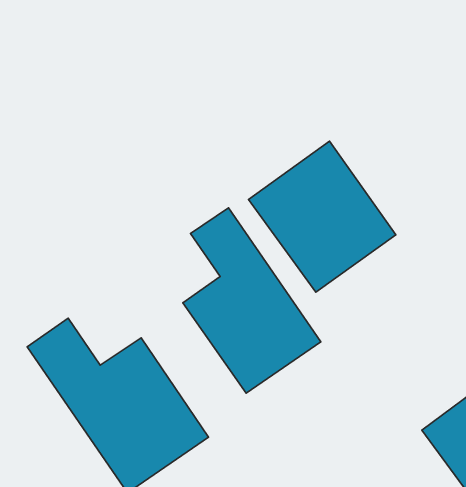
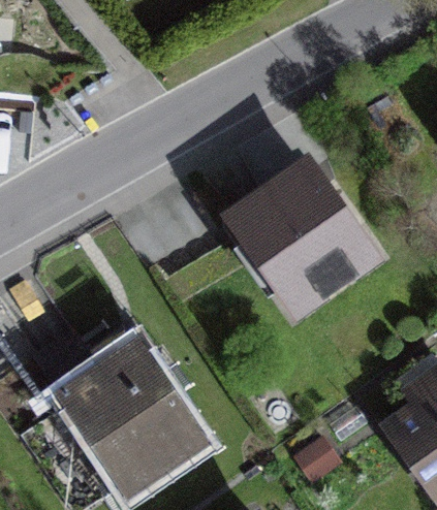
building: [183,208,321,393] -> none

